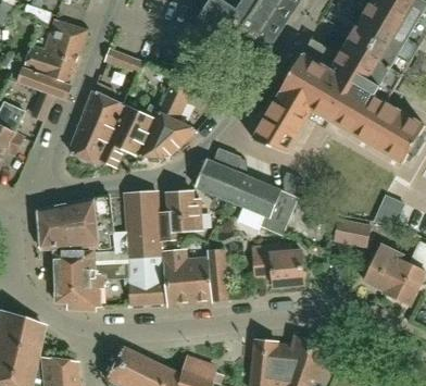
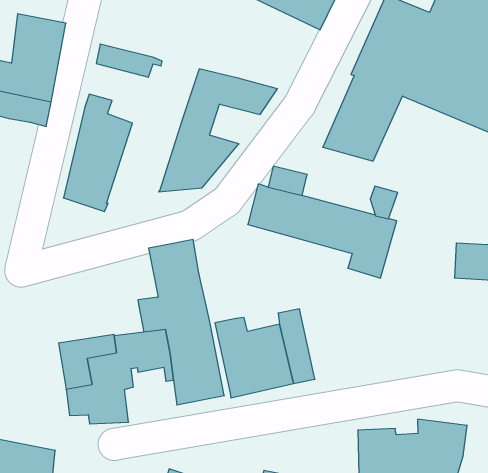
building: [99,102,159,164] -> none
building: [156,189,201,238] -> none
building: [38,194,112,248] -> none
building: [252,241,304,286] -> none

